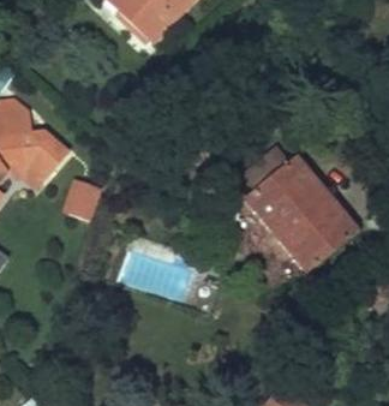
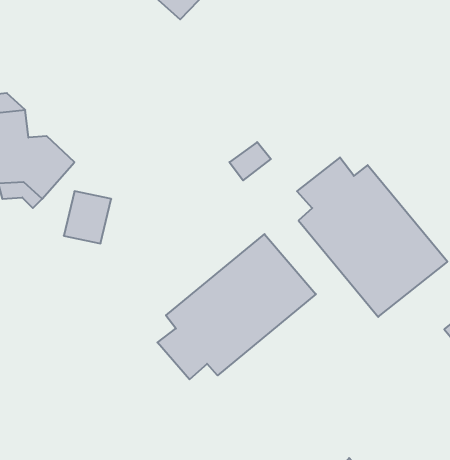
building: none -> [157,234,316,379]

